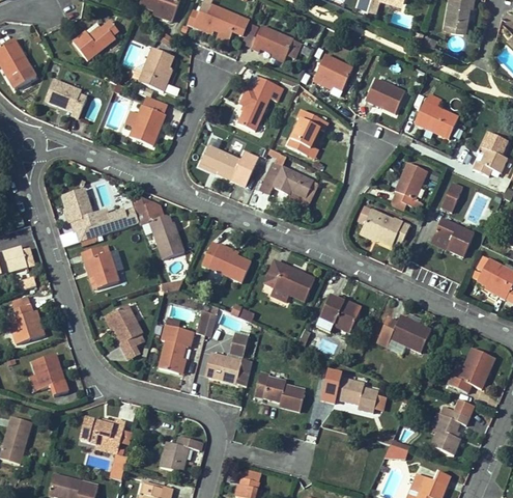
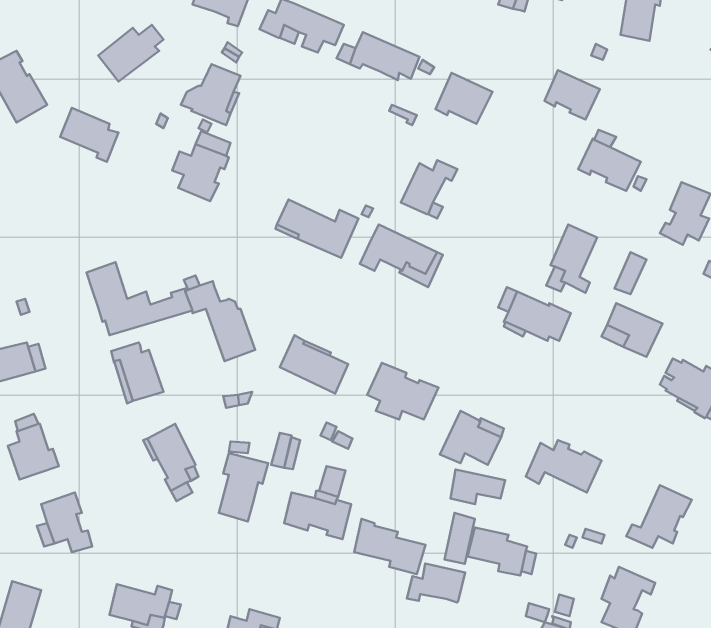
building: [238,74,283,131] -> none
building: [366,78,405,113] -> [545,70,600,120]
building: none -> [450,469,505,504]
building: none -> [407,564,465,602]

